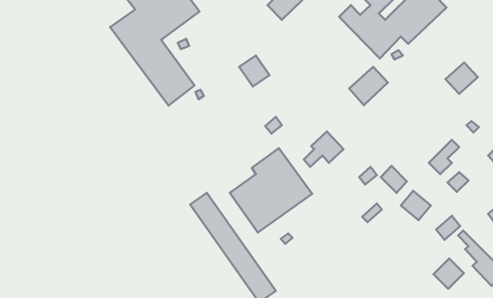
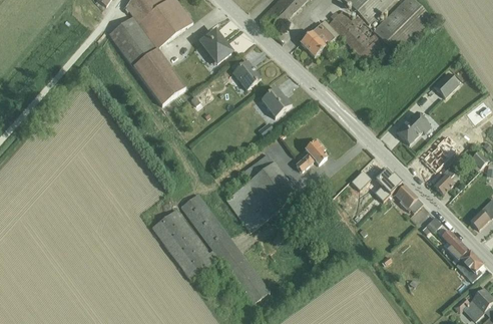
building: none -> [199,30,234,66]
building: [349,67,388,105] -> [299,22,336,59]
building: none -> [260,87,291,118]
building: none -> [394,109,432,146]
building: none -> [153,213,211,278]
building: [434,258,464,289] -> none

